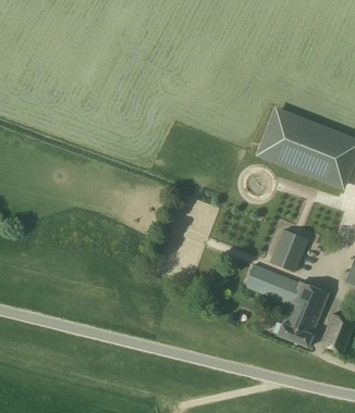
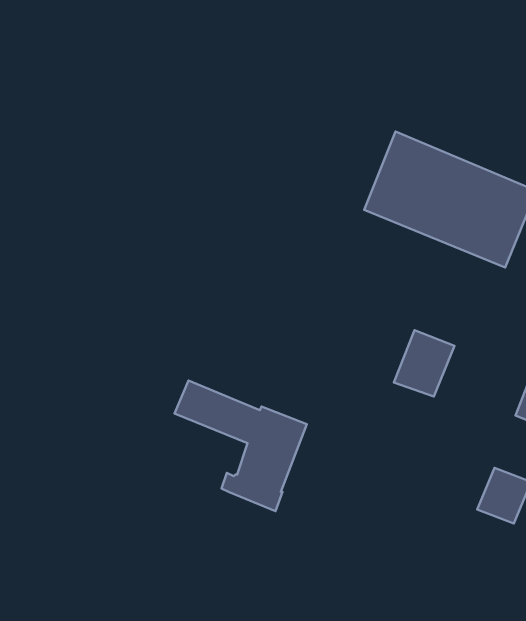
building: [246,265,329,347] -> [175,380,307,511]

